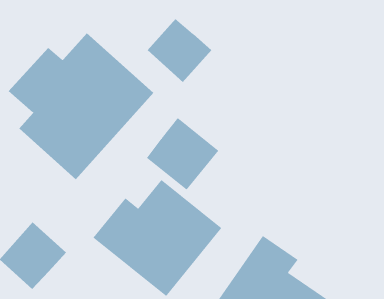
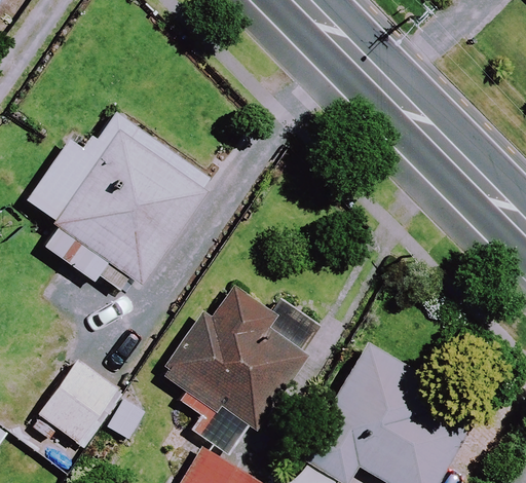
building: [147,18,212,83] -> none
building: [146,117,219,191] -> none

